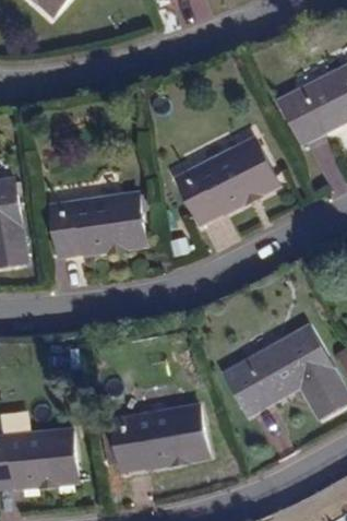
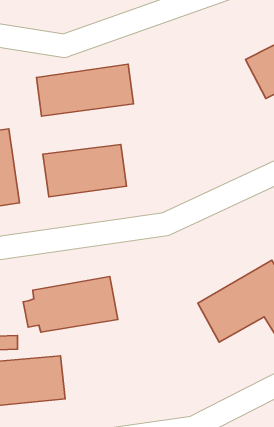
building: none -> [36,64,134,116]
building: [177,140,277,224] -> none
building: [101,407,207,470] -> [23,277,118,332]

